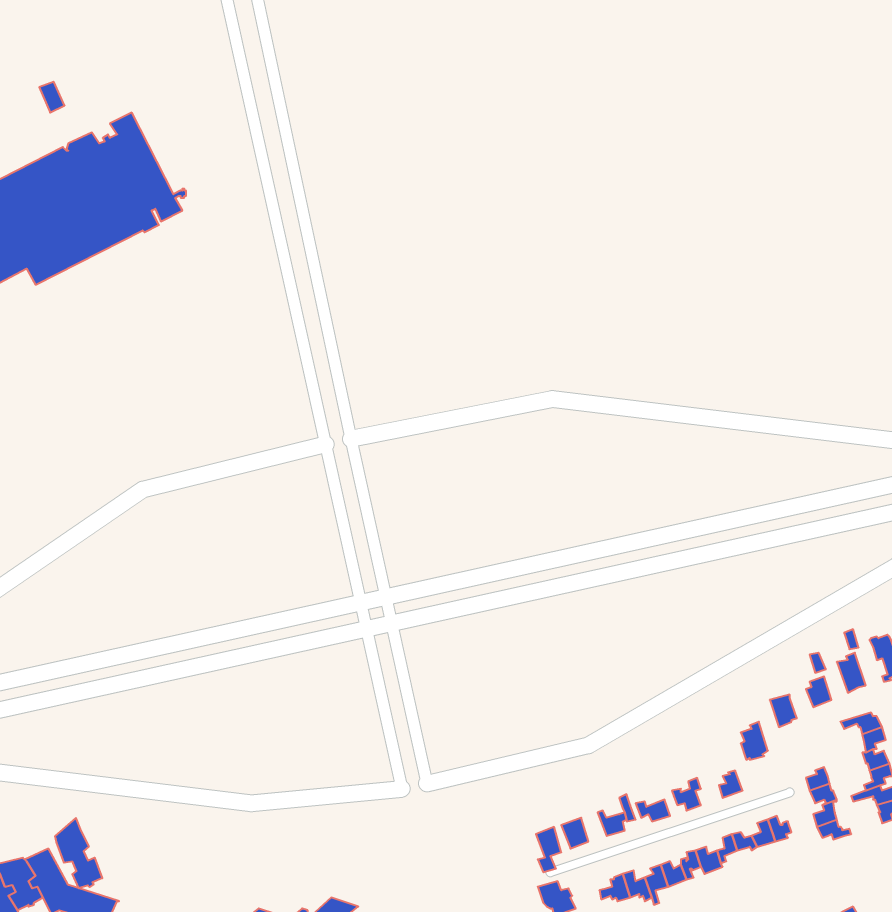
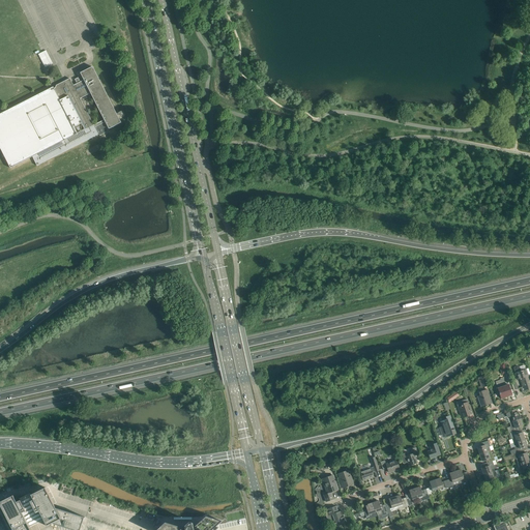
building: [55,818,102,888] -> none

